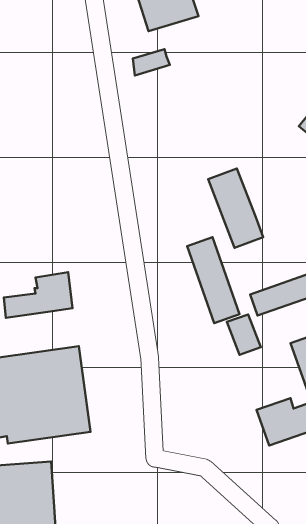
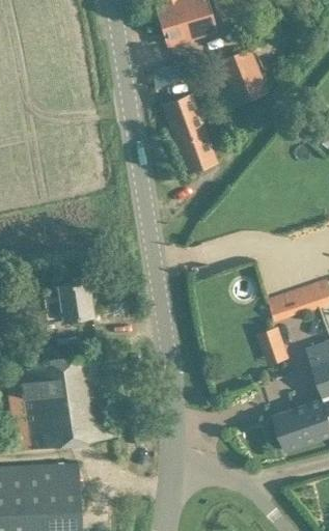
building: none -> [219,47,269,104]
building: [208,169,263,248] -> [162,94,216,172]
building: [187,237,239,323] -> none

